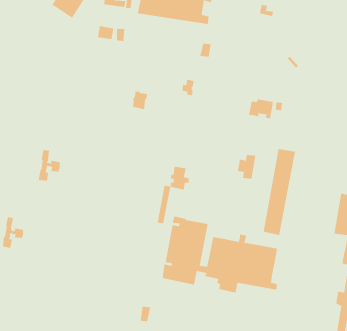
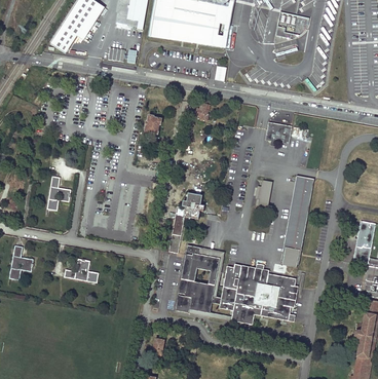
building: none -> [64,258,98,282]

